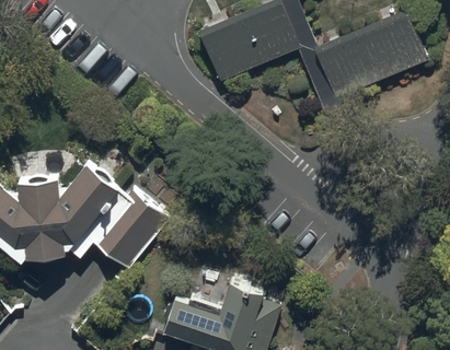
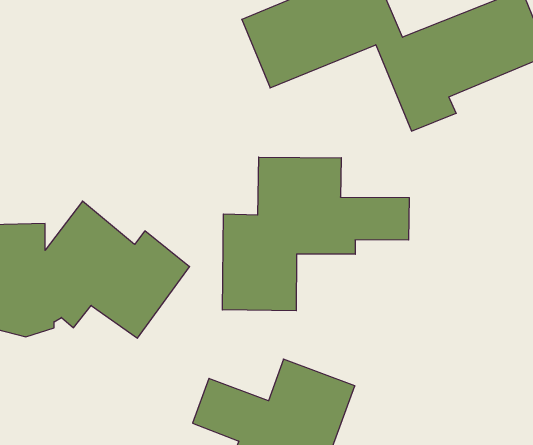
building: none -> [222,157,409,311]

